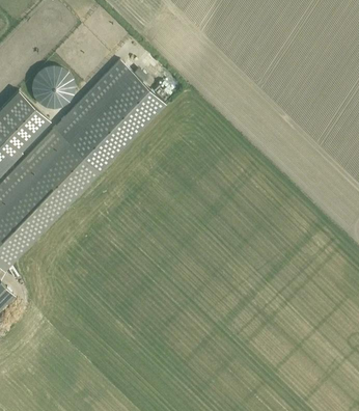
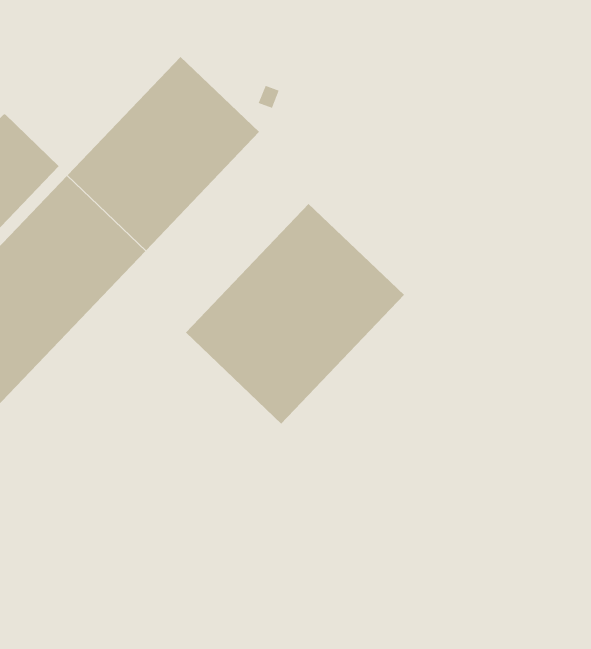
building: [31,67,74,111] -> none
building: none -> [185,203,405,424]

